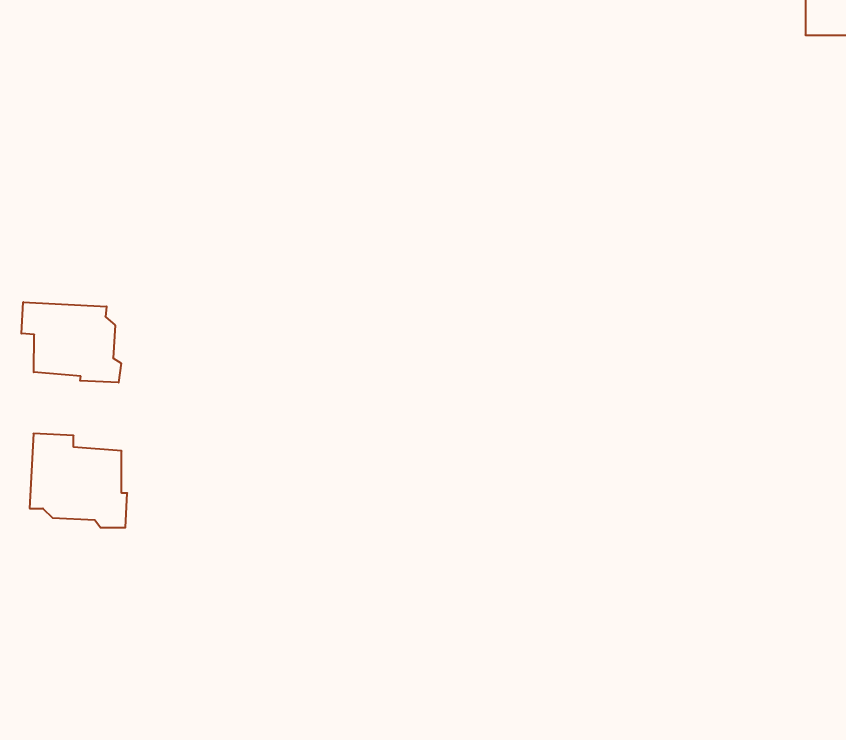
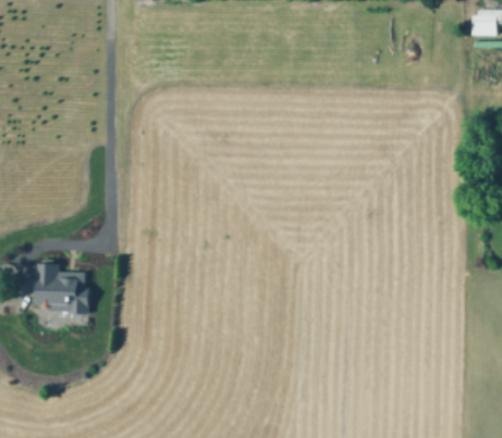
building: [21,302,121,383] -> none

